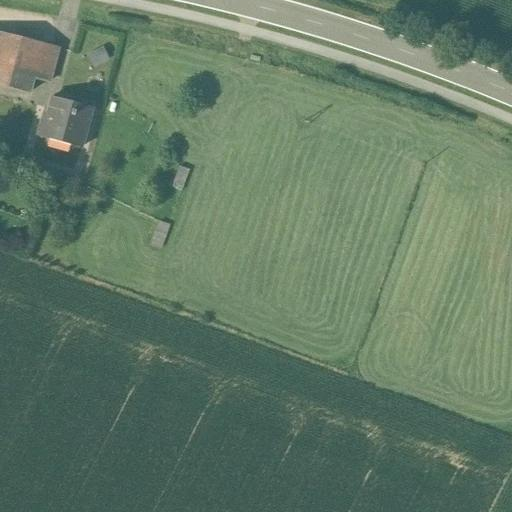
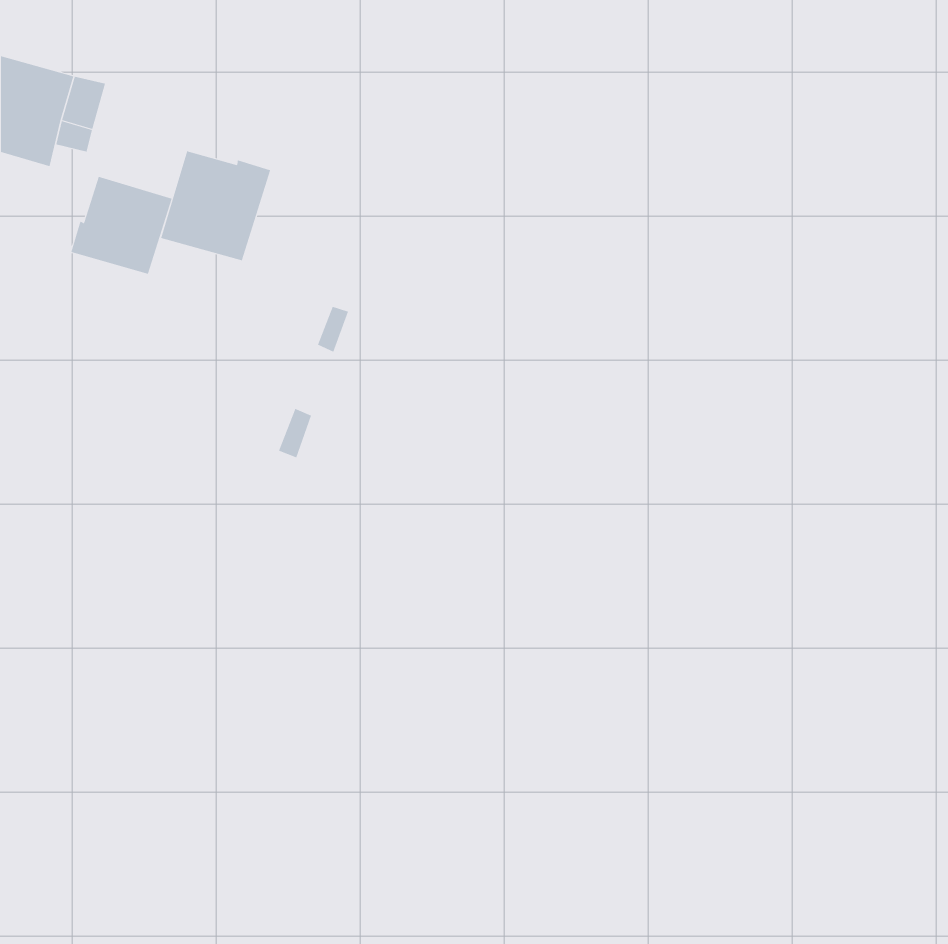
building: none -> [161,151,271,261]

